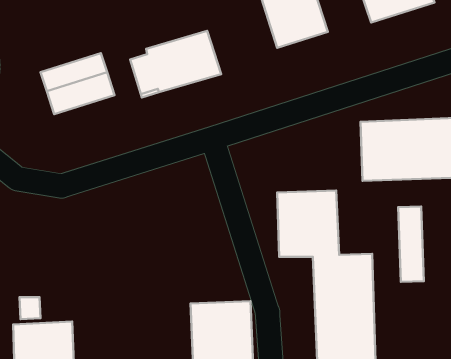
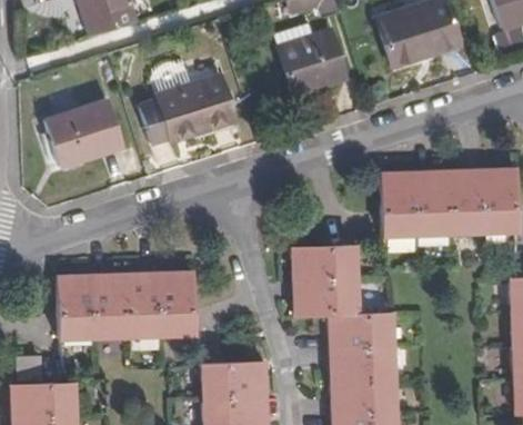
building: [398,206,424,282] -> none
building: none -> [60,271,199,339]

